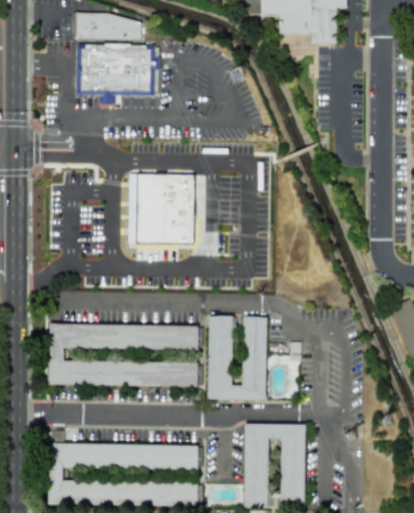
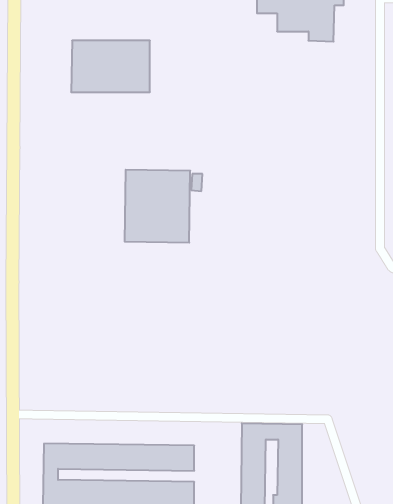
building: [76,14,142,40] -> none
building: [208,315,268,400] -> none
building: [48,323,199,387] -> none

